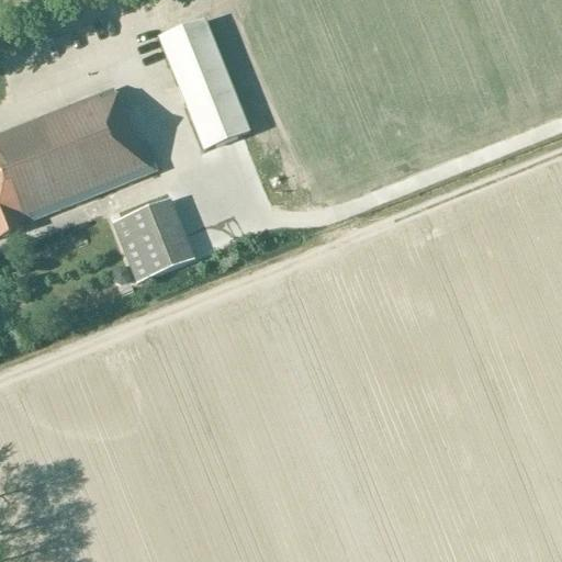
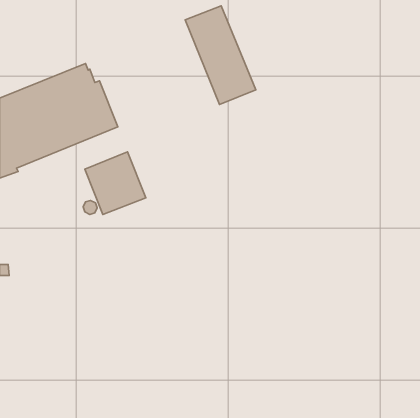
building: [157,19,251,150] -> [185,6,256,105]

